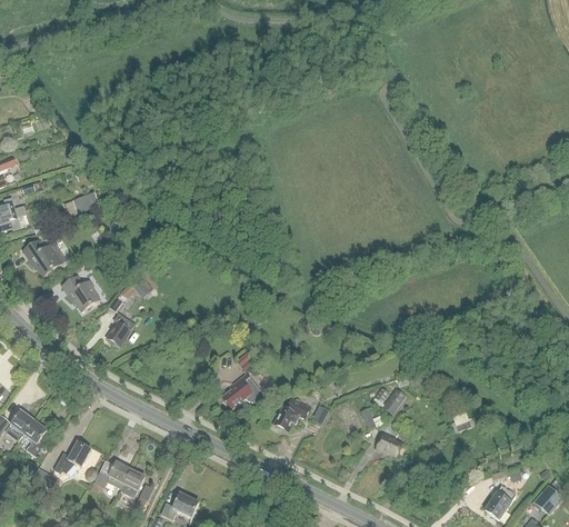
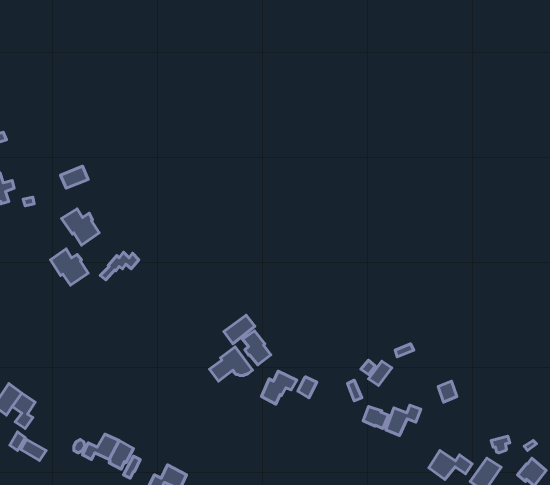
building: [22,239,60,276] -> [62,209,99,245]
building: [106,314,133,347] -> none
building: none -> [243,331,271,365]
building: none -> [386,405,421,436]
building: [53,441,90,474] -> none
building: none -> [429,450,472,480]

